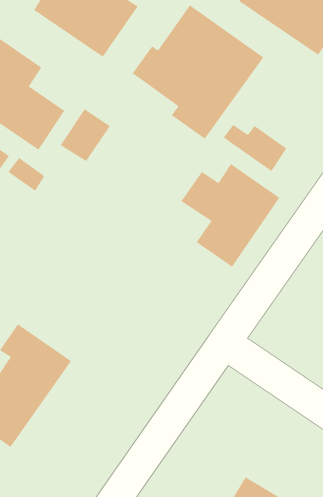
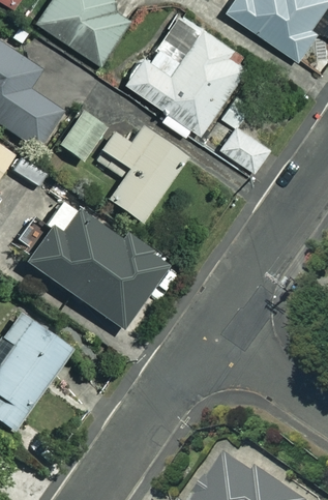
building: [180,163,280,268] -> [93,124,186,222]
building: none -> [25,208,166,327]

